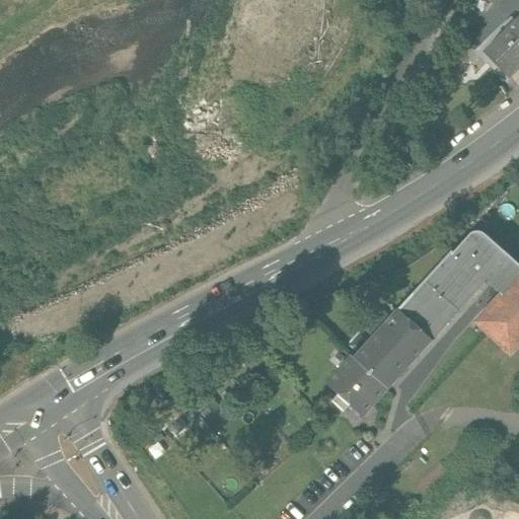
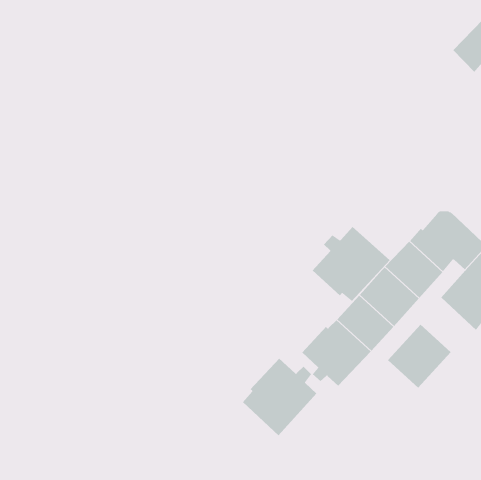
building: none -> [312,226,390,302]
building: none -> [387,324,452,389]
building: none -> [242,358,317,436]

